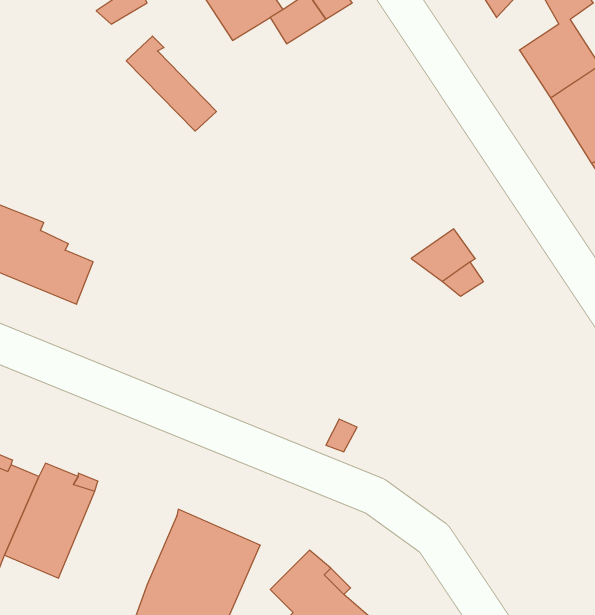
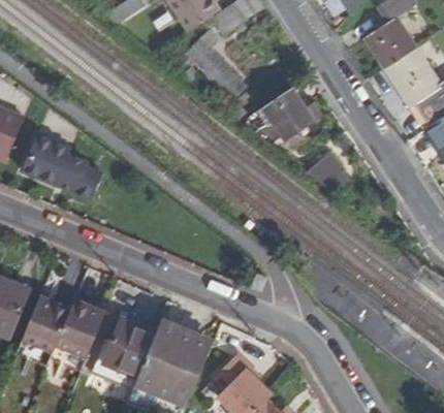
building: [126,36,216,131] -> [186,38,243,98]
building: none -> [262,88,310,137]
building: none -> [97,316,152,374]

